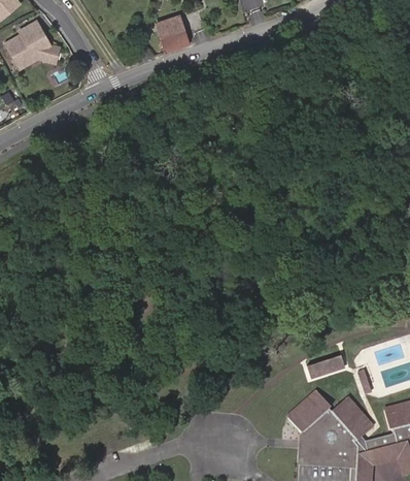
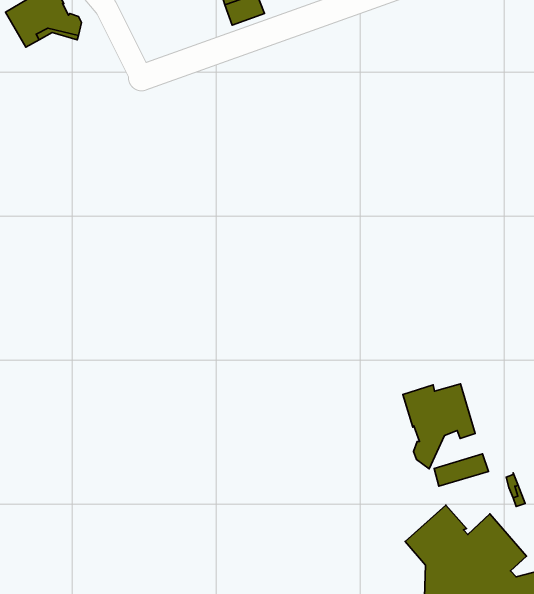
building: none -> [403,384,475,469]

